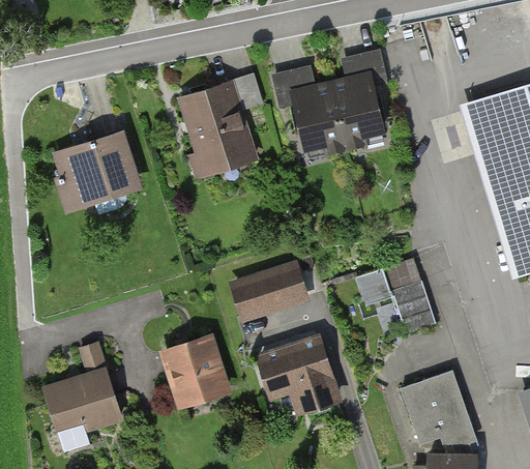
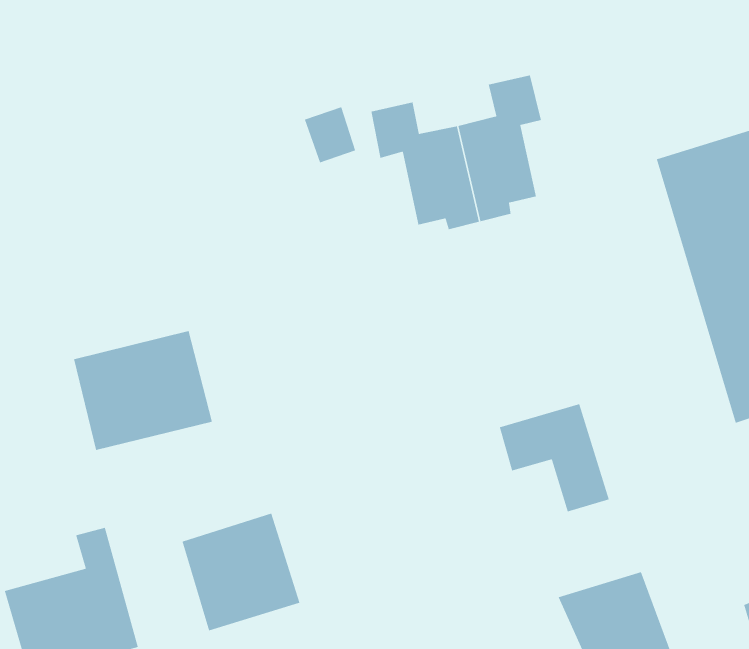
building: [170,81,257,179] -> none
building: [49,129,140,208] -> [73,330,213,451]
building: [231,260,313,322] -> none
building: [261,341,342,418] -> none

